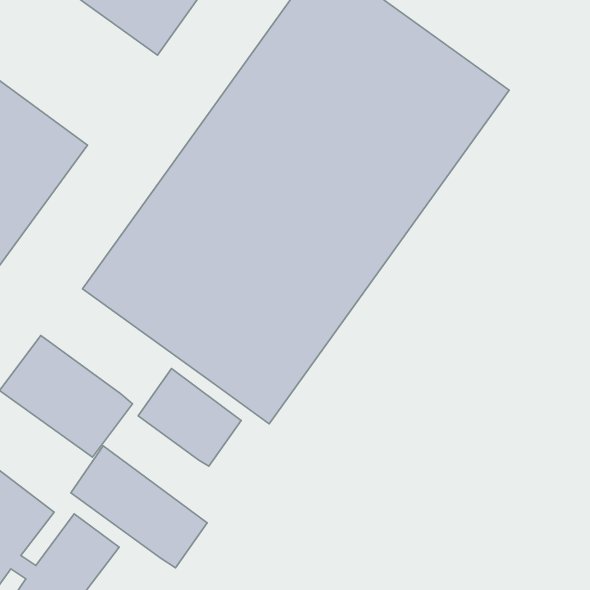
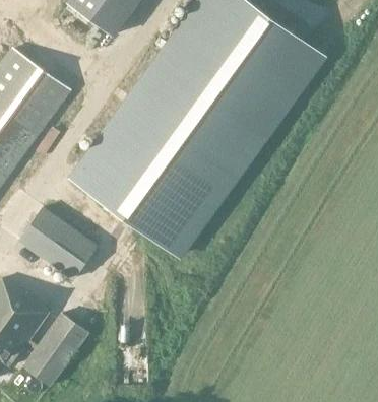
building: [138,368,241,466] -> none
building: [71,446,207,568] -> none

